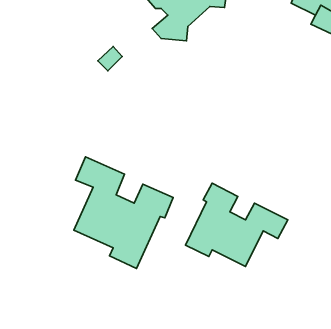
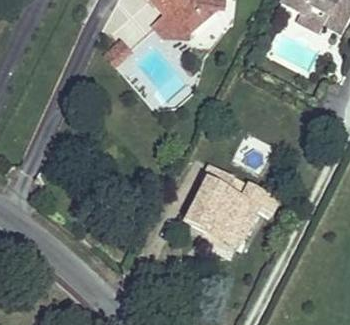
building: [74,157,173,268] -> none

